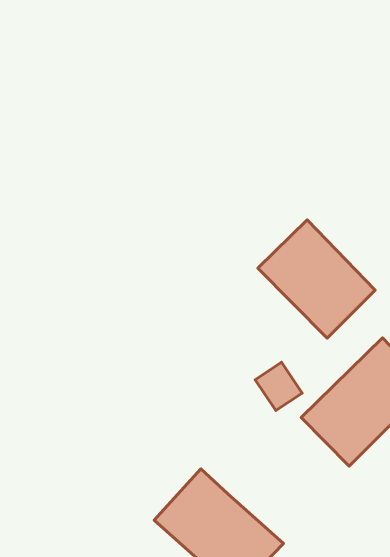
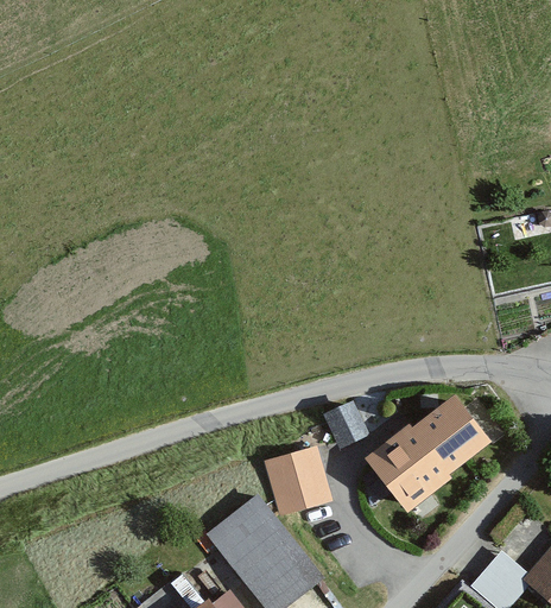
building: [258,220,375,338] -> none
building: none -> [264,445,334,520]

